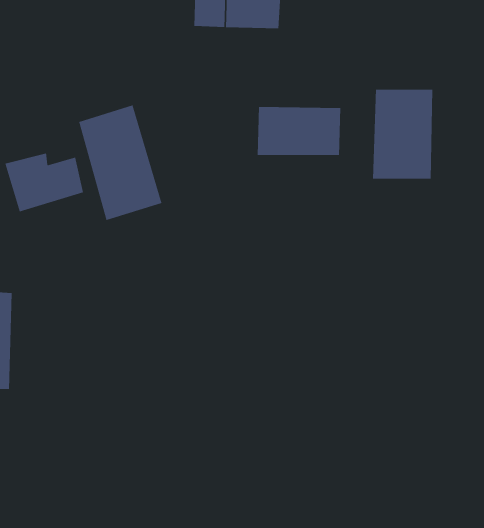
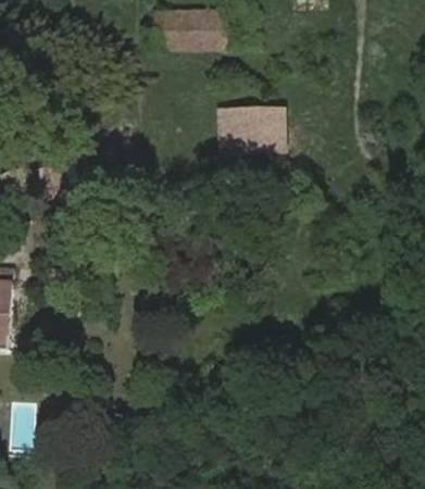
building: [372,89,433,179] -> none
building: [78,105,162,221] -> none

